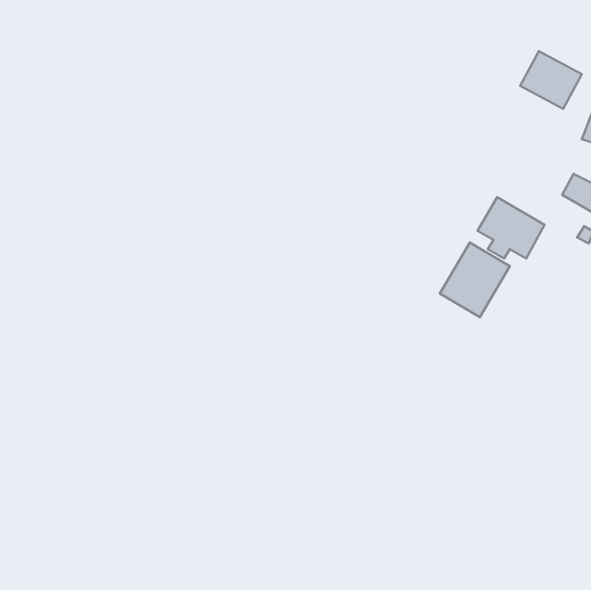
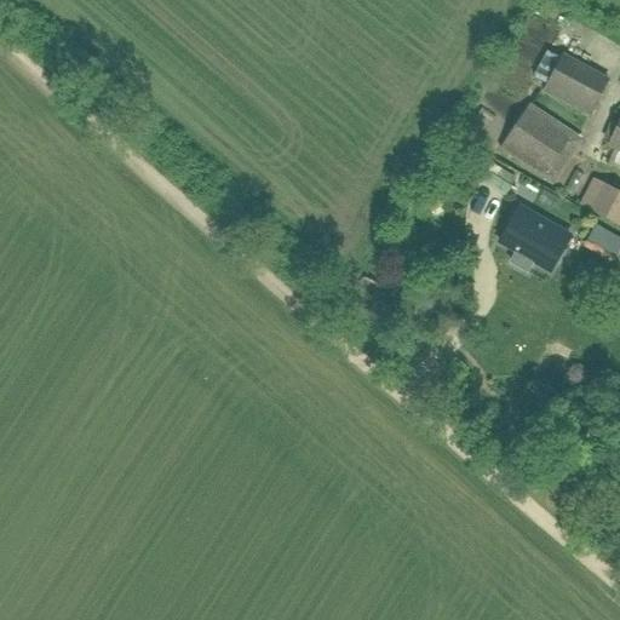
building: none -> [505,109,570,171]
building: [440,242,510,317] -> none

